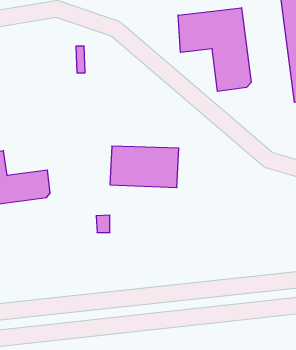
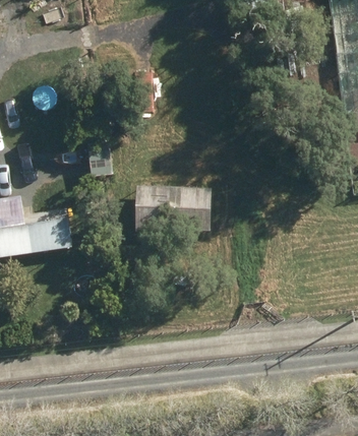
building: [178,8,251,91] -> none

